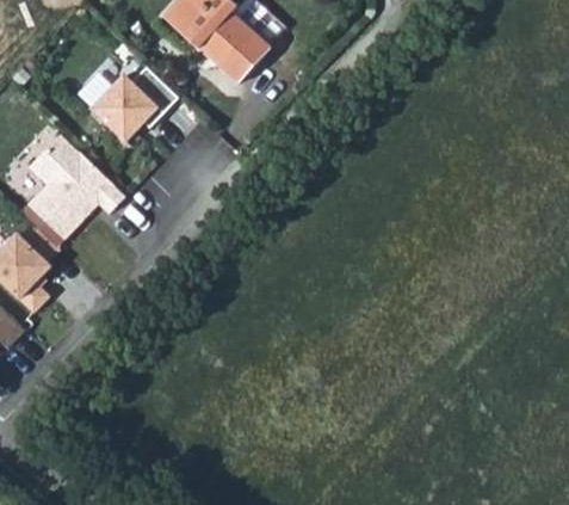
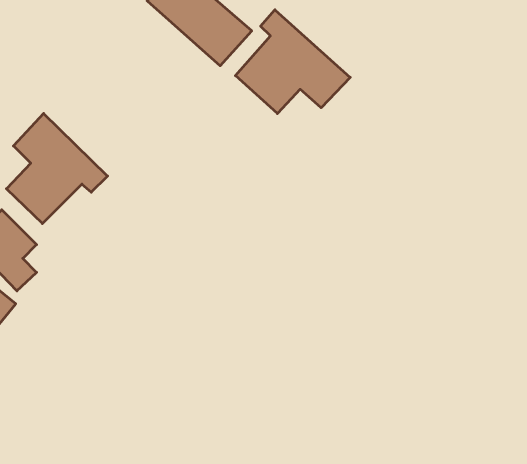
building: none -> [235,10,350,114]
building: [79,64,179,140] -> none

